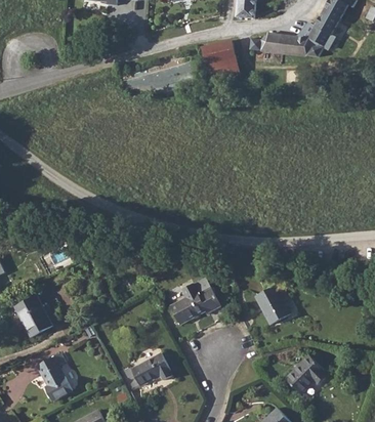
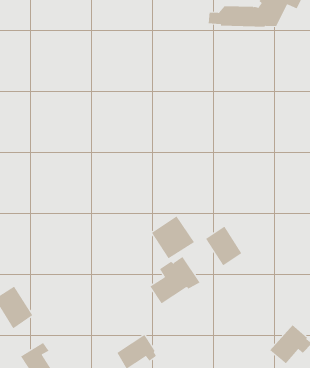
building: [204,38,241,79] -> none
building: none -> [151,216,195,259]
building: [255,284,291,324] -> [205,226,242,266]

